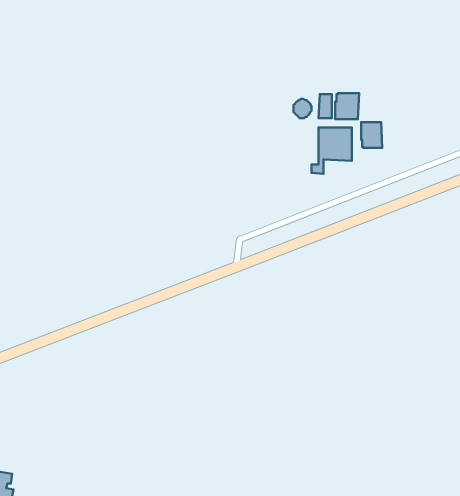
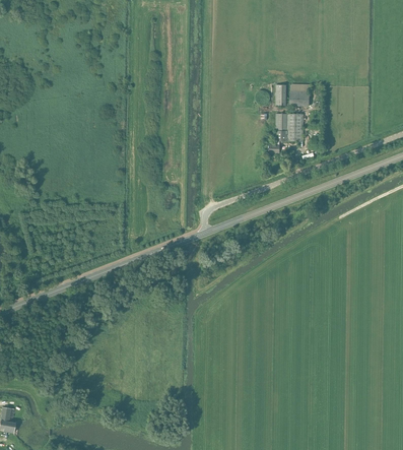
building: [361,122,382,148] -> none

